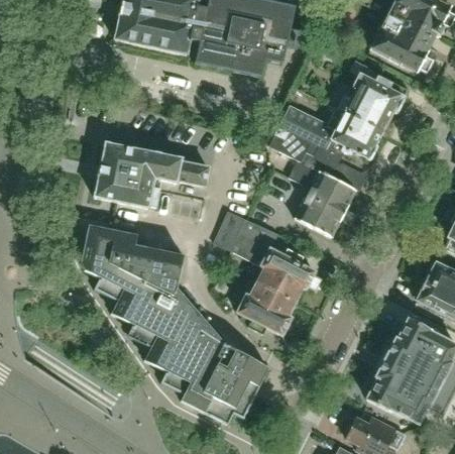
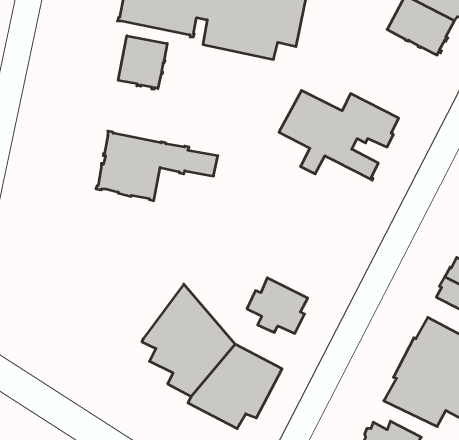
building: none -> [118,36,167,89]
building: [335,61,406,131] -> none
building: [295,171,354,236] -> none
building: [214,209,315,301] -> none
building: [82,223,185,339] -> none

